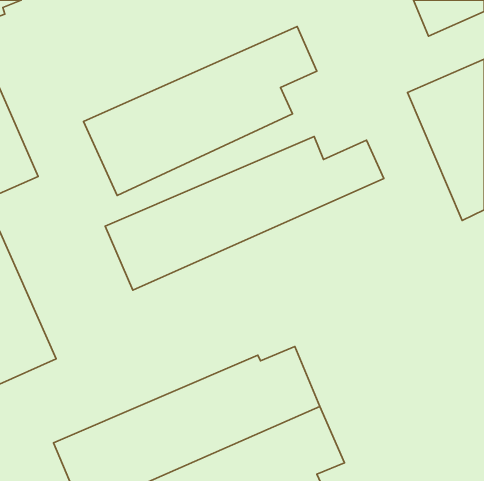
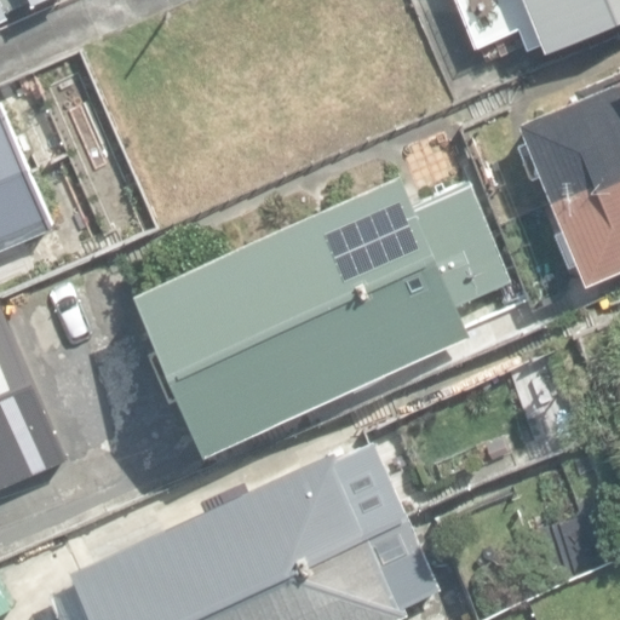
building: [83,26,317,196] -> none
building: none -> [168,235,509,457]

